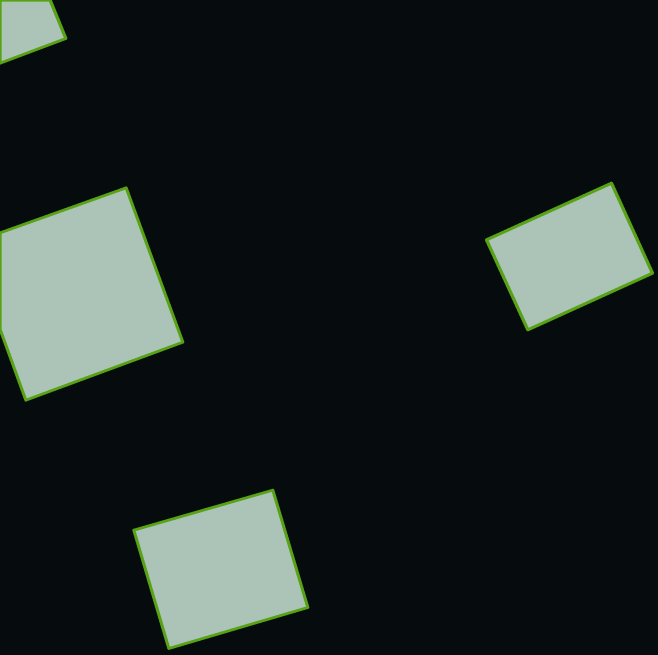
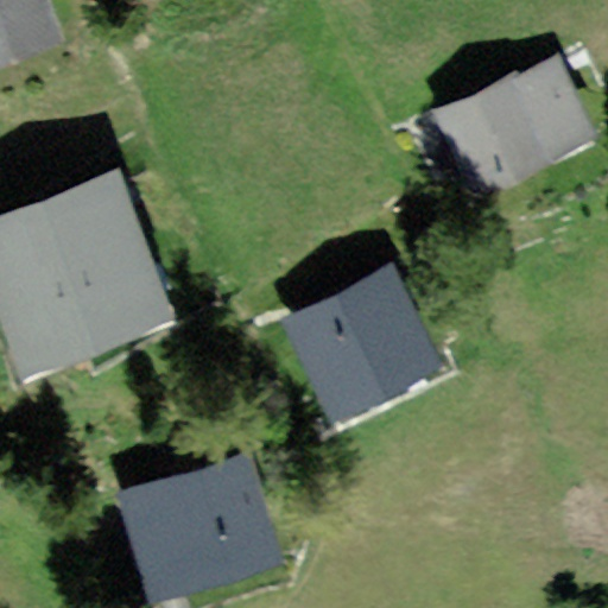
building: [486,183,653,330] -> [438,58,591,194]
building: none -> [285,271,436,418]

